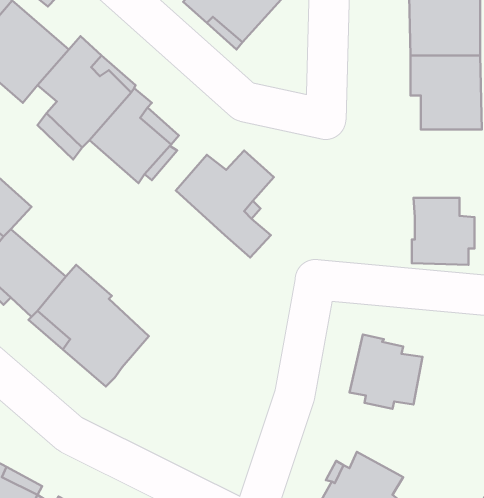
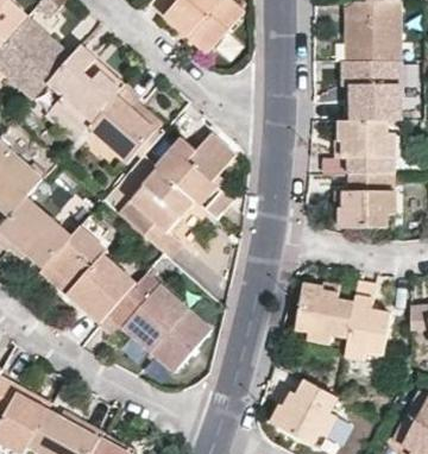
building: none -> [336,119,392,174]
building: none -> [117,168,196,260]
building: none -> [99,273,209,373]
building: none -> [345,279,390,358]

